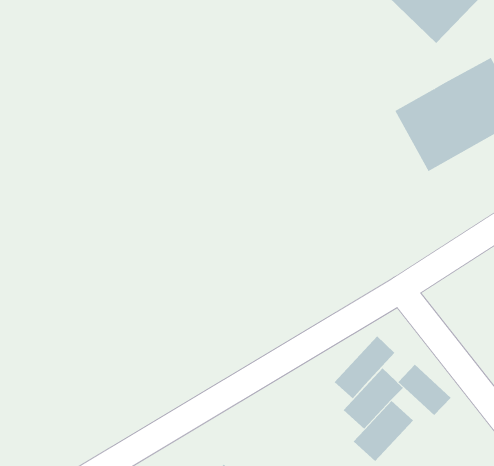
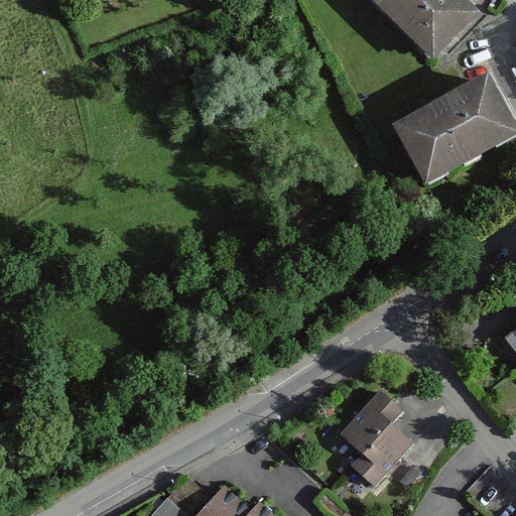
building: [334,335,395,399] -> none
building: [398,364,451,416] -> none

